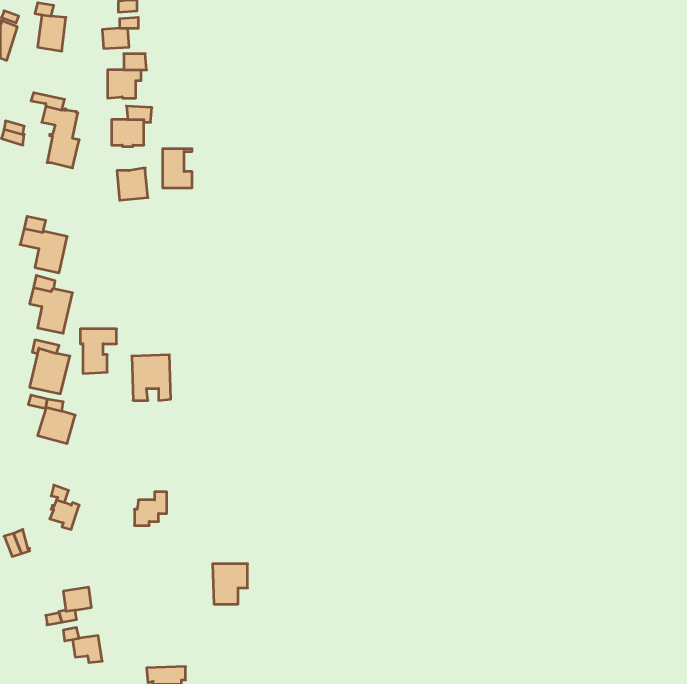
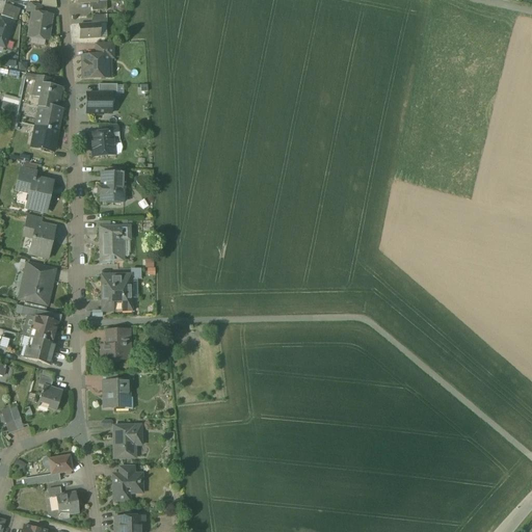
building: [163,149,192,188] -> [102,171,125,202]
building: none -> [32,126,56,150]
building: [80,329,117,373] -> [102,227,130,261]
building: none -> [103,329,130,358]
building: none -> [25,337,56,364]
building: [213,564,248,604] -> [113,425,140,456]
building: none -> [110,474,140,499]

